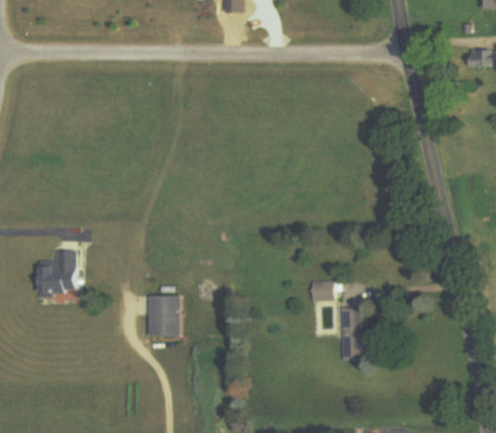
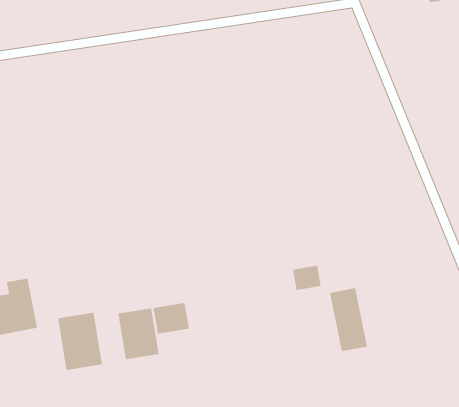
building: none -> [57,312,103,371]
building: none -> [153,302,189,334]

